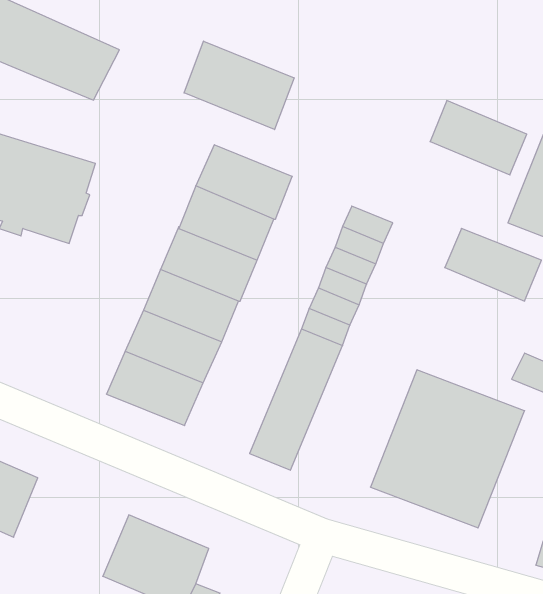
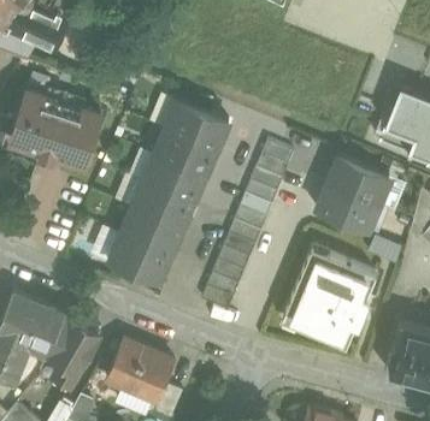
building: [184,41,294,130] -> none
building: [430,101,527,175] -> [317,179,379,227]
building: none -> [45,315,101,383]

